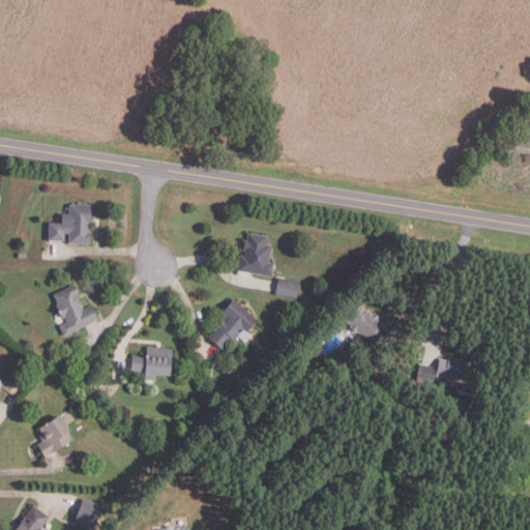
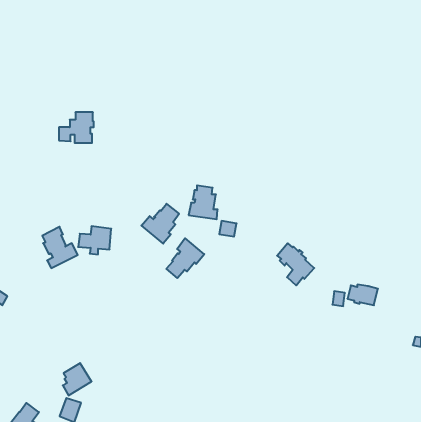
building: [48,204,91,242] -> [59,112,94,143]
building: none -> [141,204,179,244]
building: [129,346,171,381] -> [78,226,111,254]
building: [36,415,72,455] -> [63,363,92,395]

